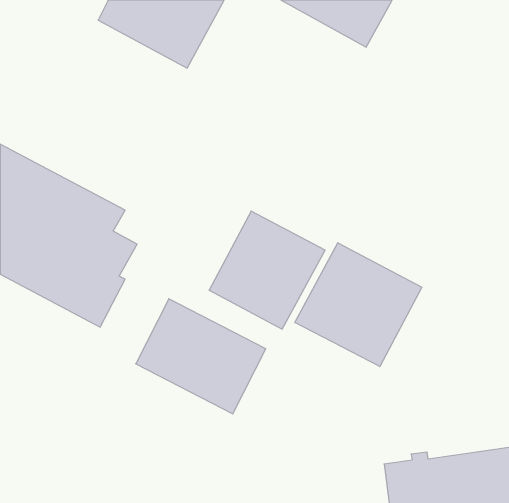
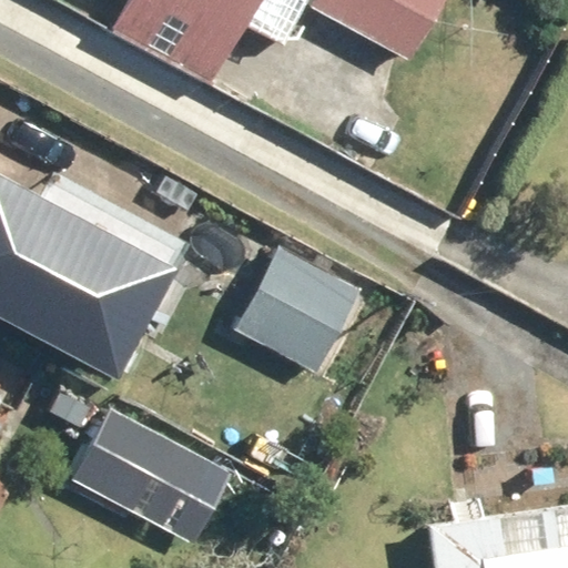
building: [295,243,422,367] -> none
building: [136,299,266,414] -> [74,409,219,537]

